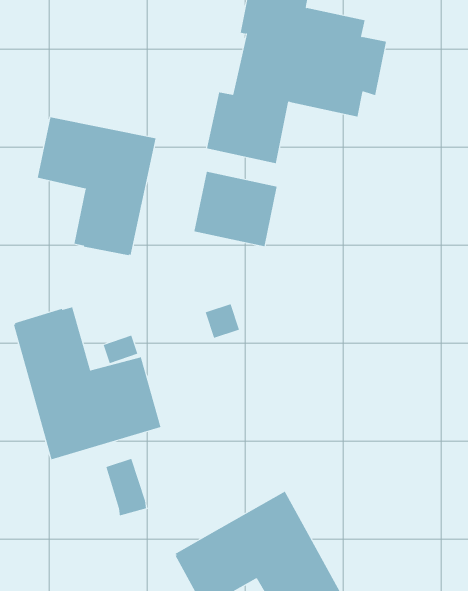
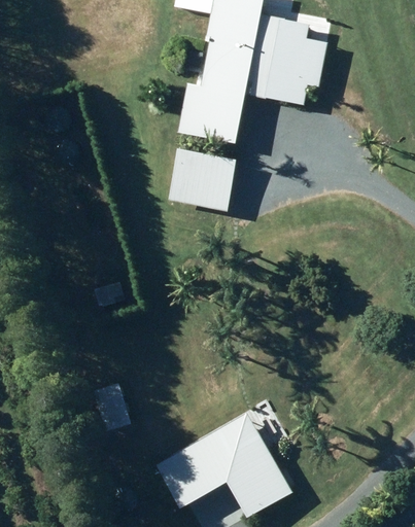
building: [37,117,156,256] -> none
building: [13,307,161,460] -> none

